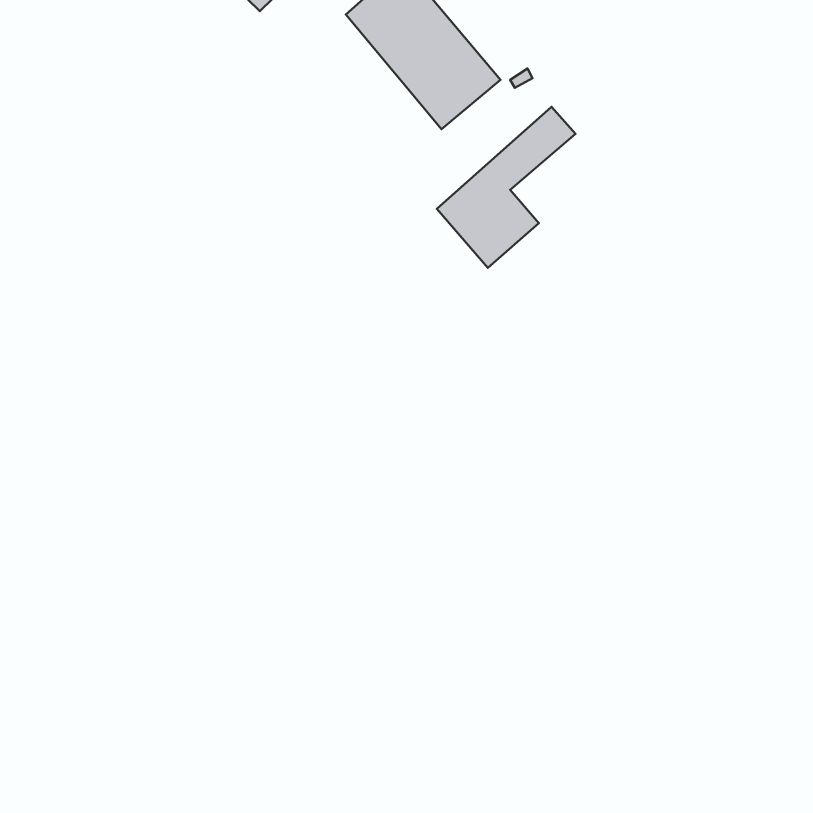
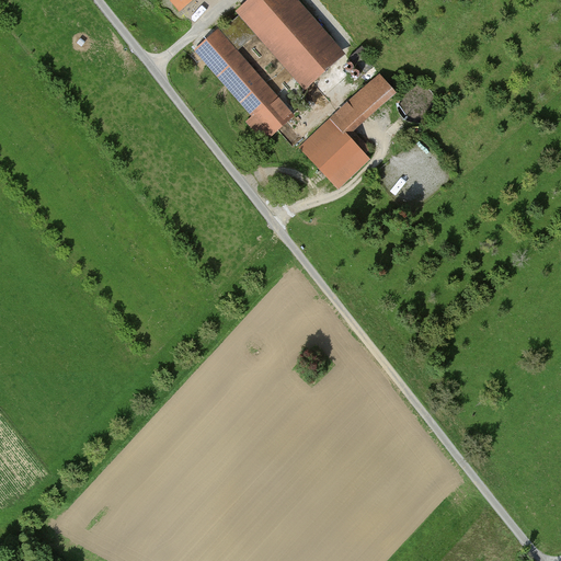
building: none -> [192,30,290,136]

